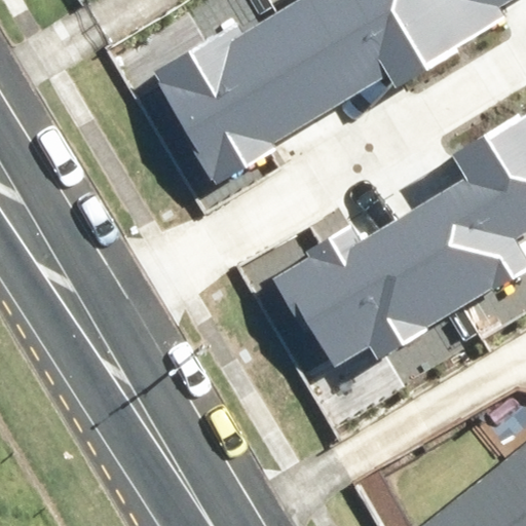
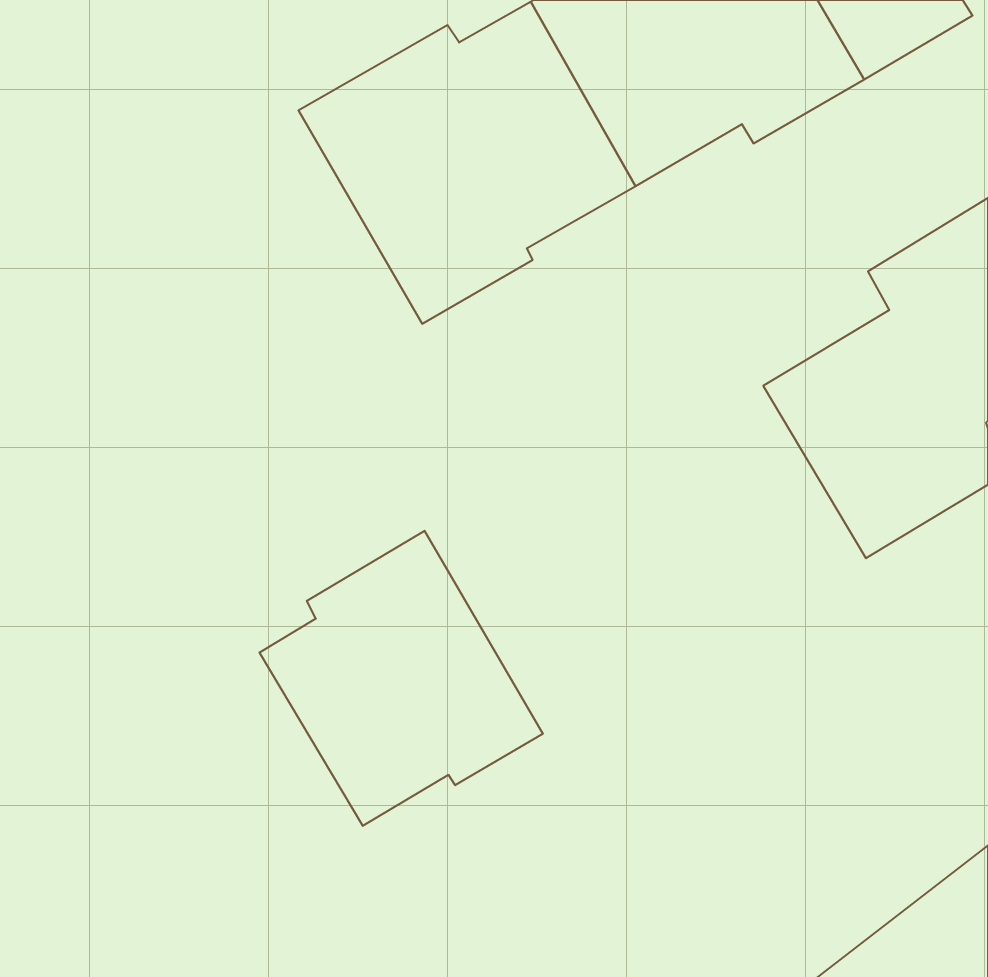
building: [280,212,459,364] -> none
building: none -> [260,531,543,826]

